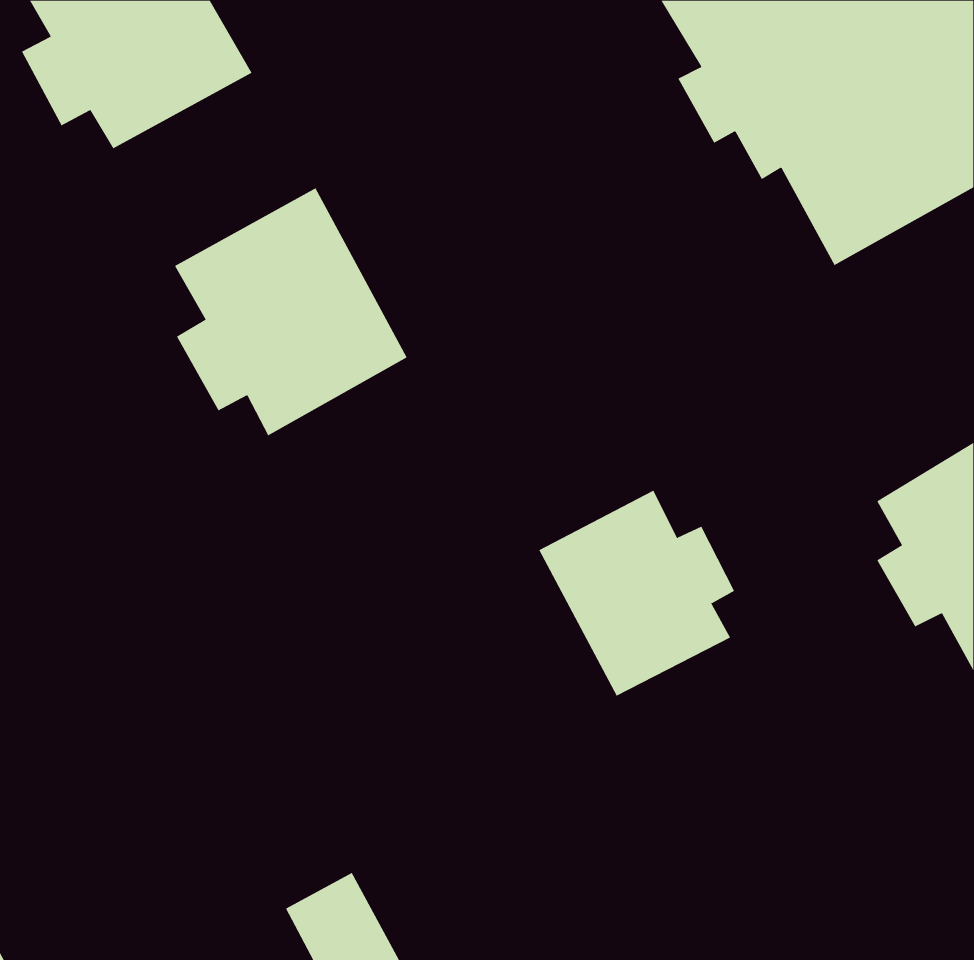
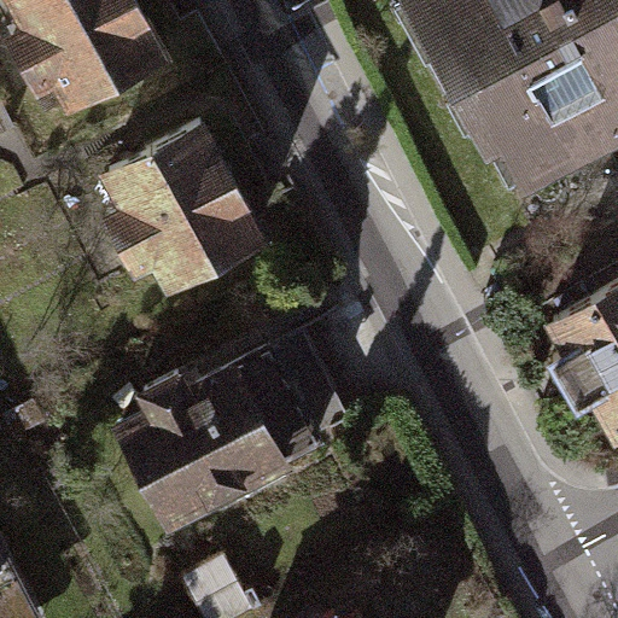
building: [538,490,735,696] -> none
building: none -> [119,337,349,523]

